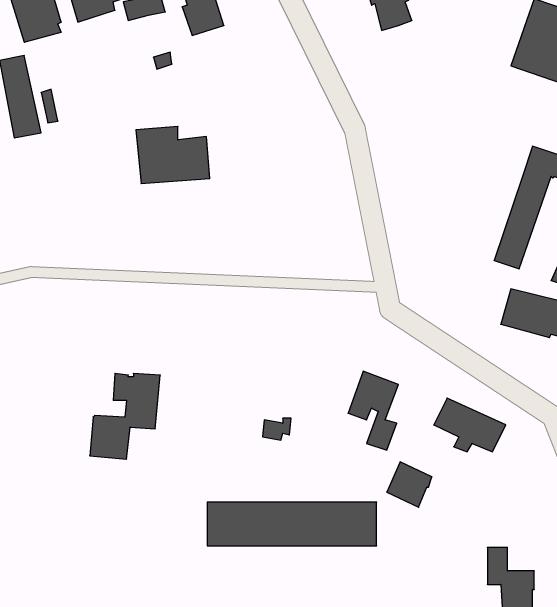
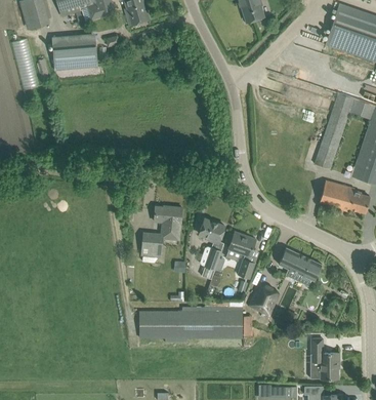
building: [136,126,210,184] -> [52,35,97,70]
building: none -> [198,218,224,272]
building: [90,373,160,459] -> [139,206,182,258]

